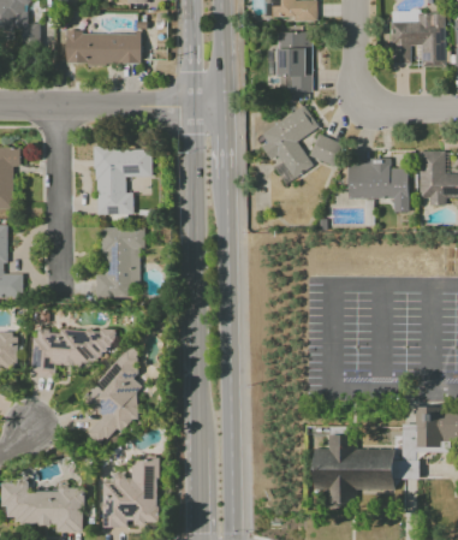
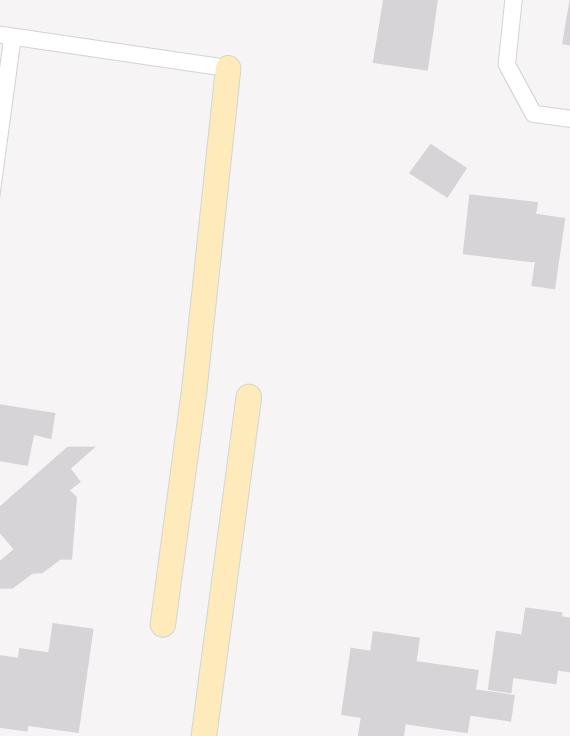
building: [262,106,319,179] -> none
building: [95,148,153,215] -> none
building: [95,227,145,298] -> none

